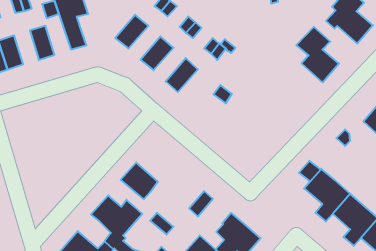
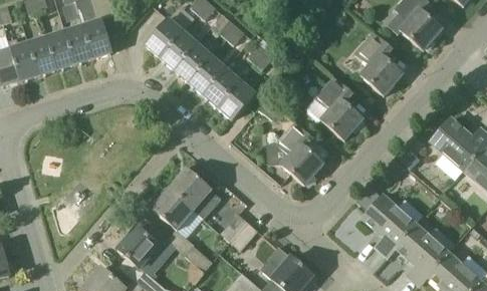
building: none -> [64,24,93,63]
building: none -> [160,30,197,69]
building: none -> [28,35,56,74]
building: none -> [189,55,226,94]
building: none -> [307,79,363,140]
building: none -> [217,80,255,119]
building: none -> [275,121,323,185]
building: none -> [169,161,220,217]
building: none -> [211,213,247,241]

